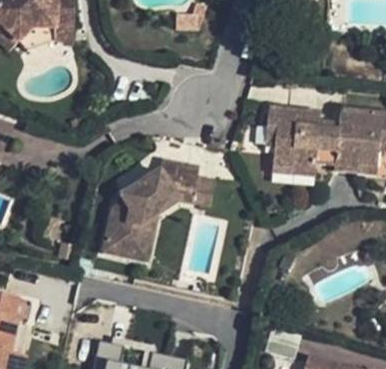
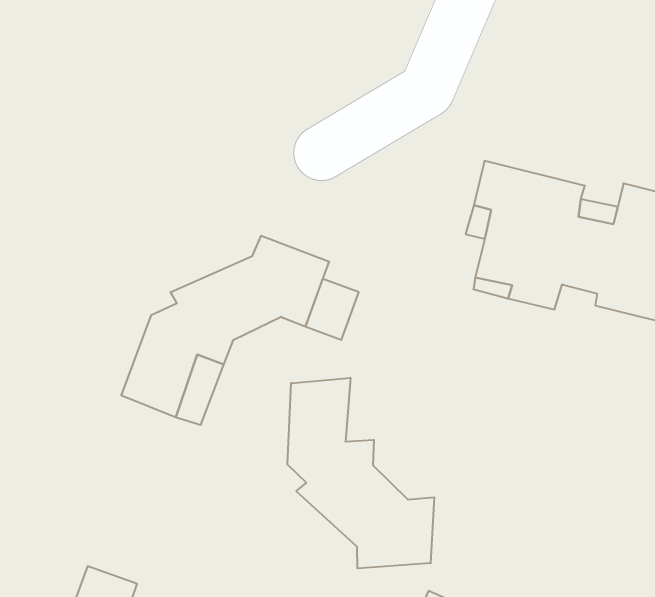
building: none -> [287,378,434,568]

